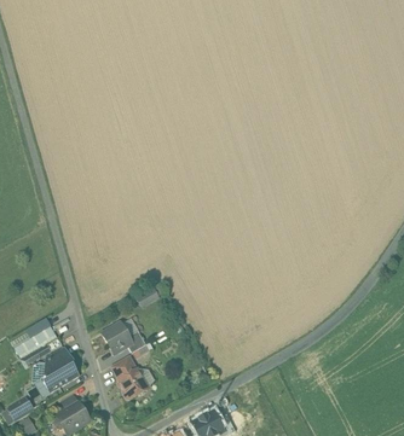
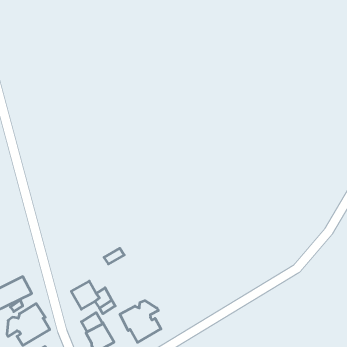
building: none -> [120,301,161,342]

